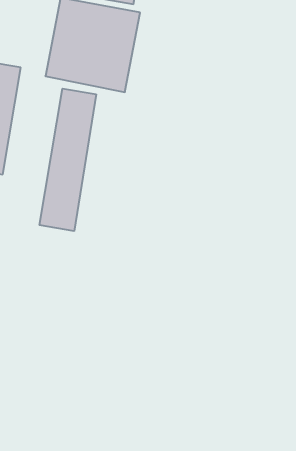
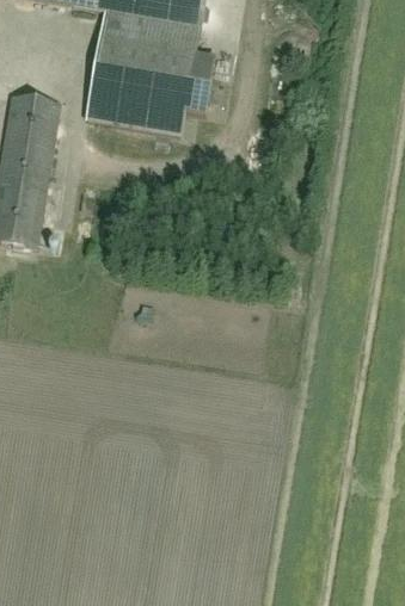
building: [40,89,96,231] -> none

